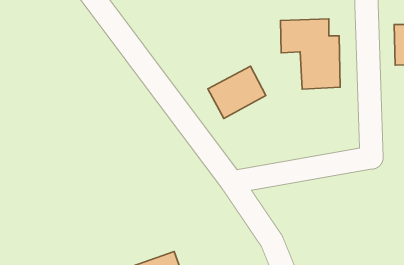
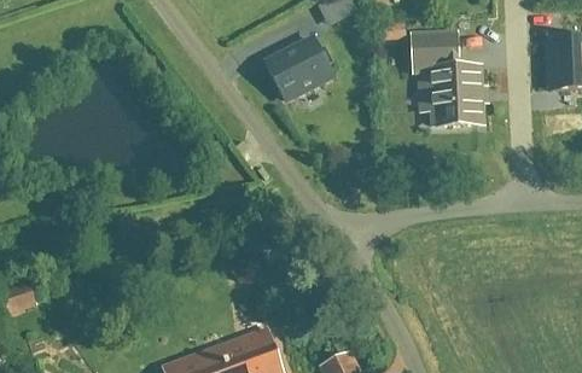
building: [208,66,266,118] -> [263,35,337,101]

